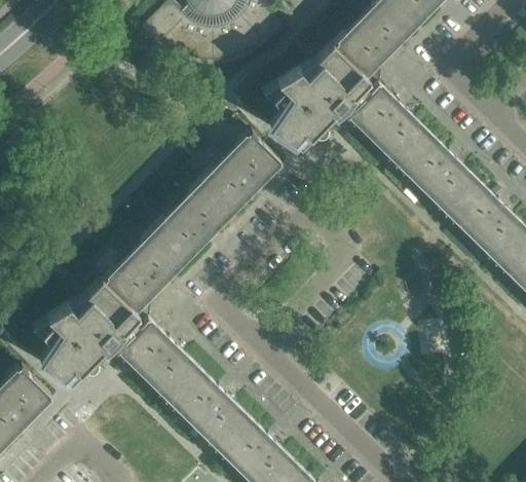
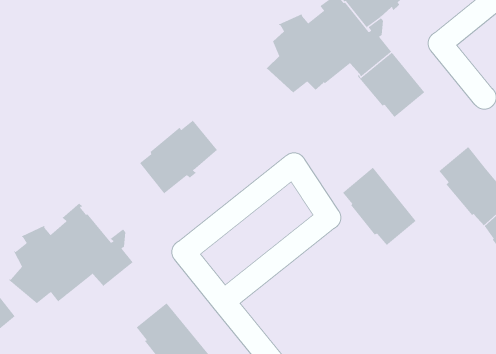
building: [202,132,279,212] -> none
building: [400,133,476,209] -> [342,167,417,246]
building: [102,233,182,313] -> none
building: [128,331,196,395] -> none

